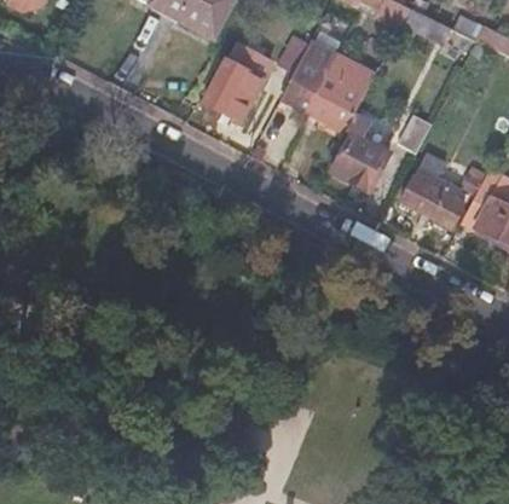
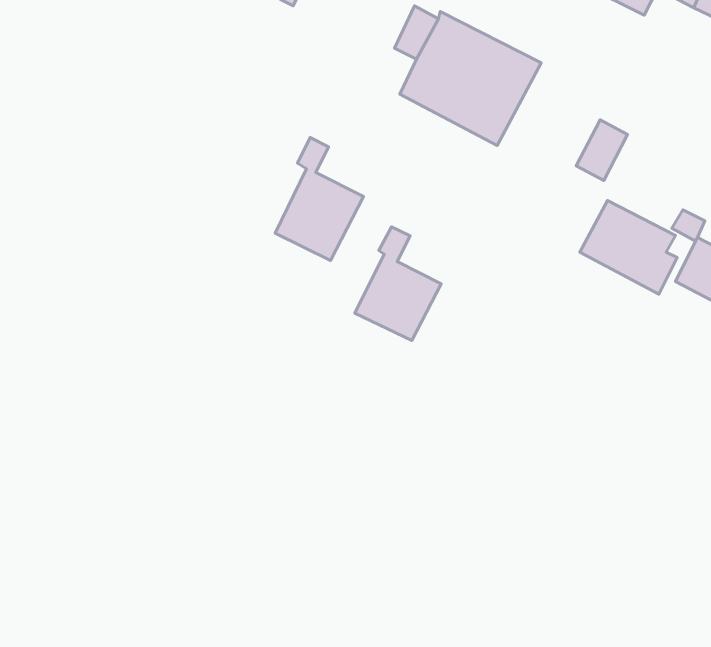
building: [204,39,262,120] -> [275,138,363,261]
building: [332,115,389,190] -> [355,227,441,341]

